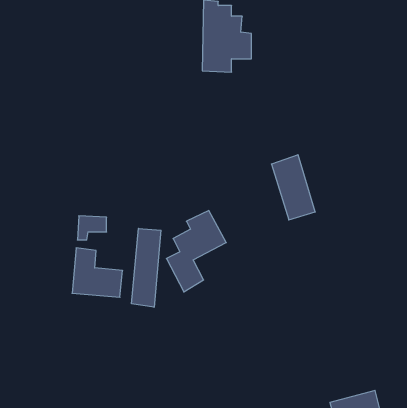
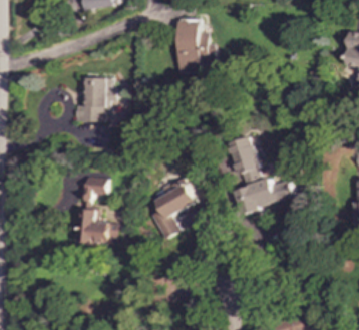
building: none -> [74,77,115,121]
building: none -> [235,179,292,217]
building: [132,228,161,307] -> none

